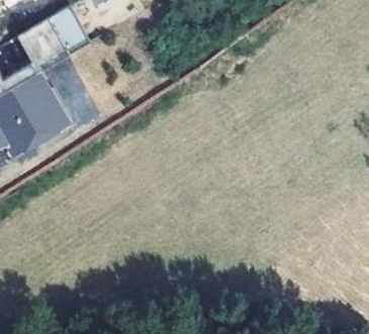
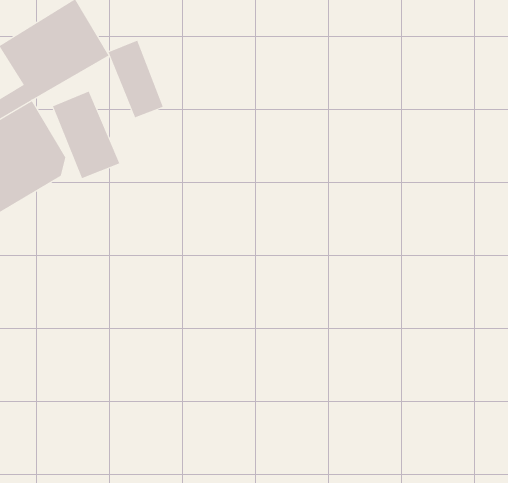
building: none -> [108,40,163,118]

